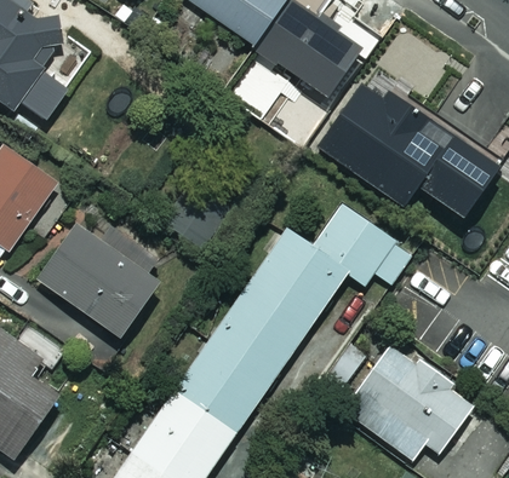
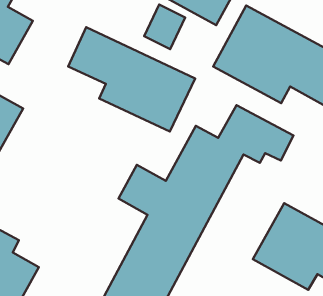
building: none -> [68,27,195,132]
building: [38,211,168,338] -> none

